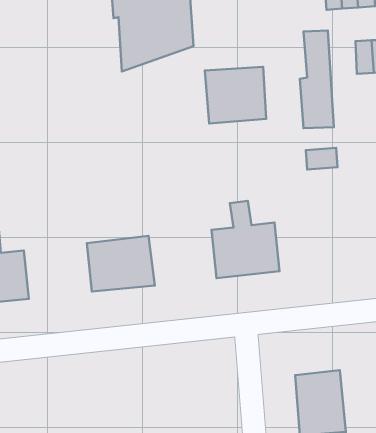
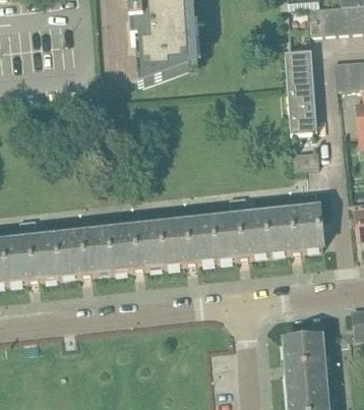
building: [205,67,266,124] -> none
building: none -> [266,207,322,252]
building: none -> [161,218,218,265]
building: none -> [56,229,113,276]

